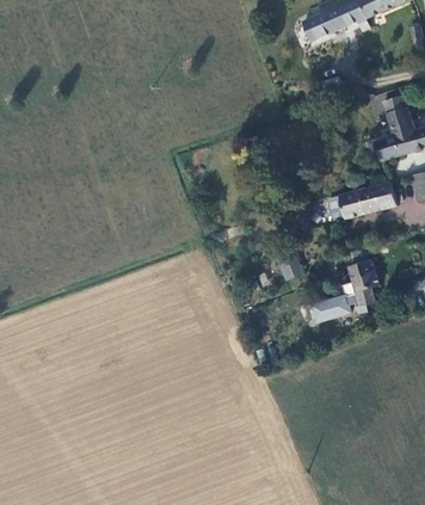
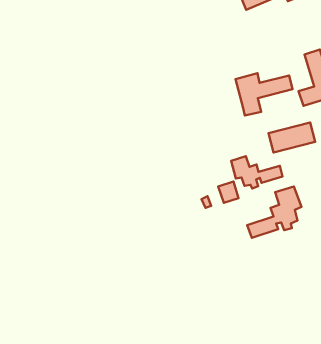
building: none -> [236,73,293,115]
building: none -> [231,156,282,189]

